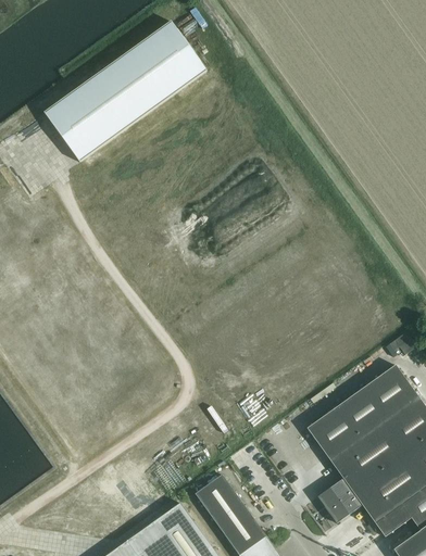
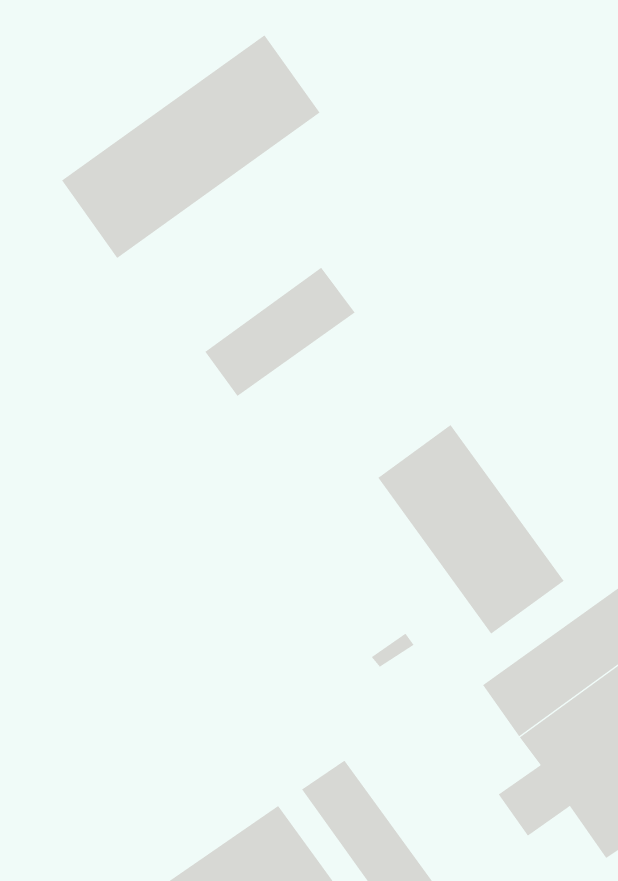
building: none -> [205,267,355,397]
building: none -> [378,424,564,634]

